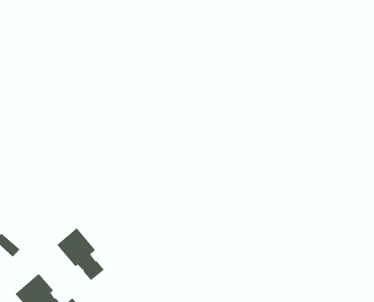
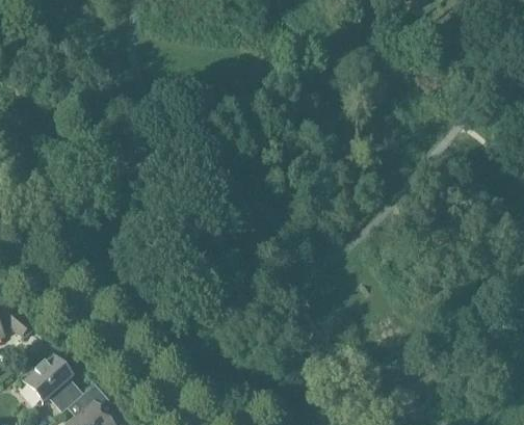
building: [56,227,105,281] -> none

